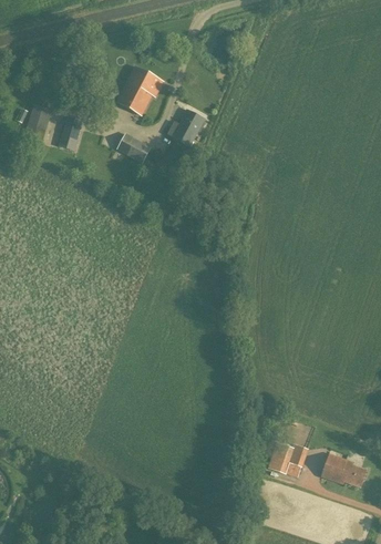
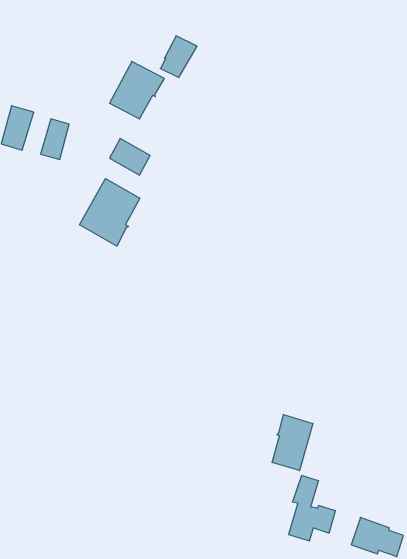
building: [172,111,203,146] -> [160,36,197,78]
building: none -> [80,179,140,246]
building: none -> [272,415,313,471]

